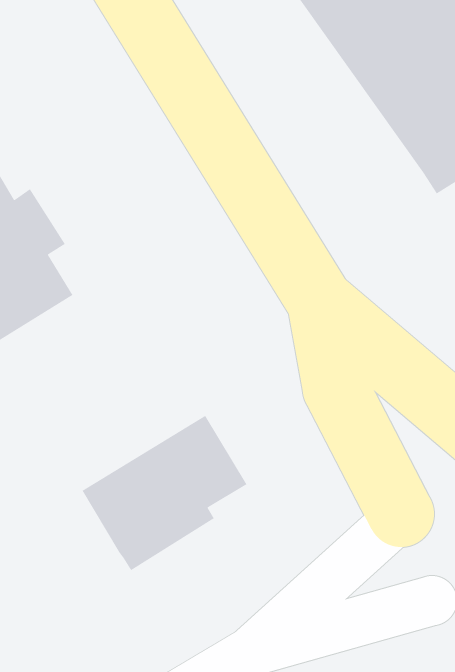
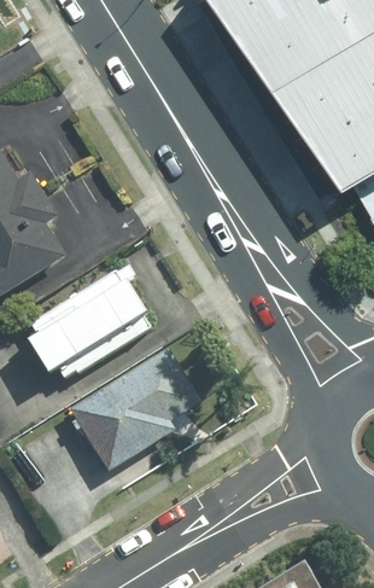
building: none -> [22,268,150,377]

